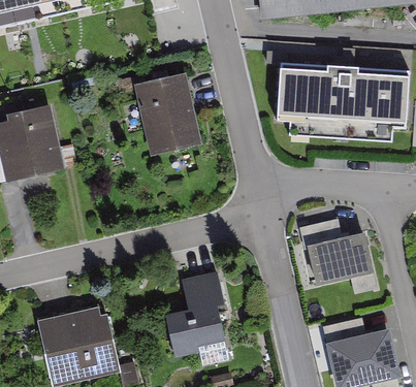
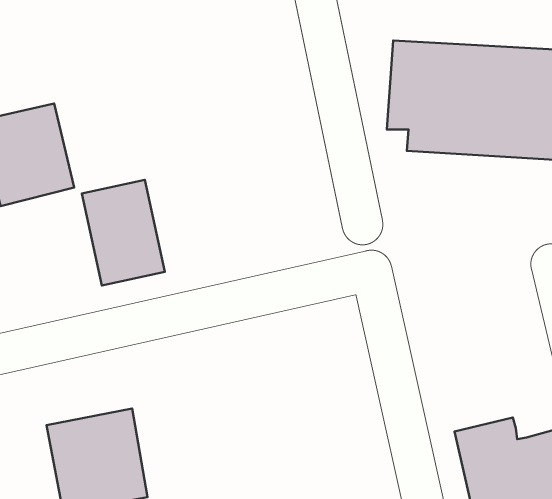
building: [143,72,199,143] -> [82,180,165,285]
building: [299,220,376,293] -> none
building: [171,273,227,352] -> none

